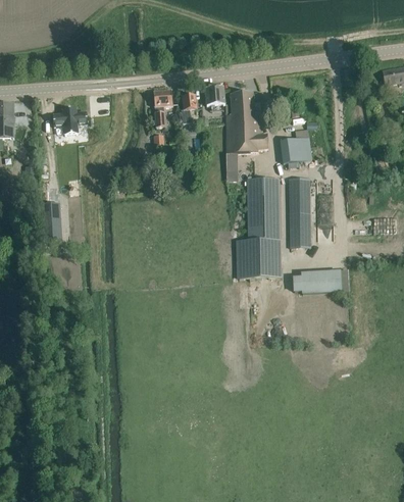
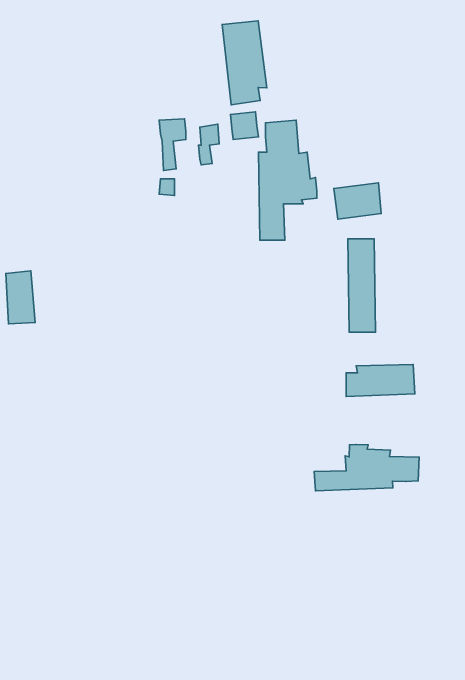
building: none -> [222,21,267,105]
building: [53,108,88,135] -> none
building: [230,178,281,279] -> none
building: none -> [314,445,419,491]

